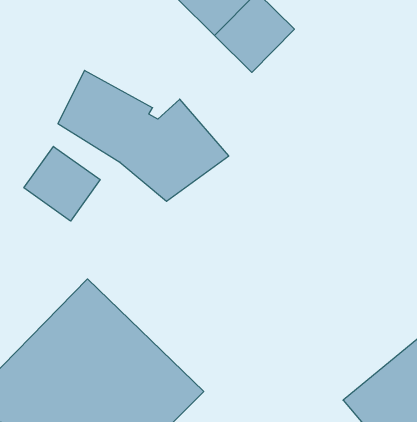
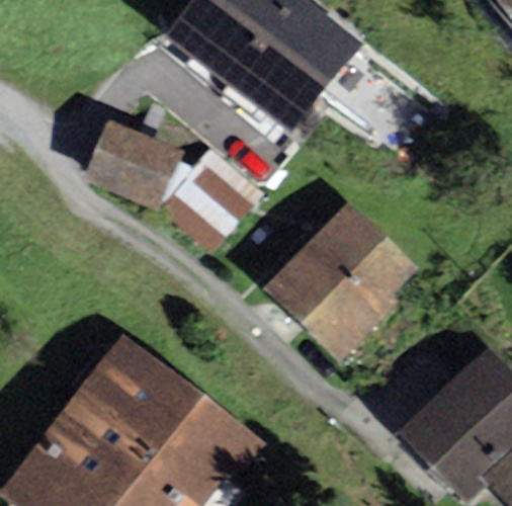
building: [24,146,100,221] -> none
building: none -> [257,201,420,364]

